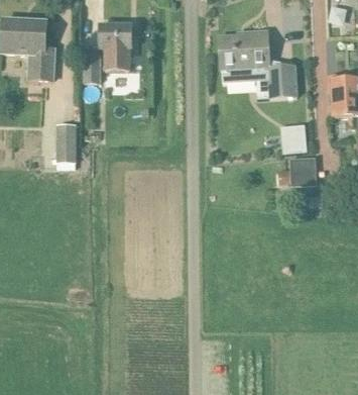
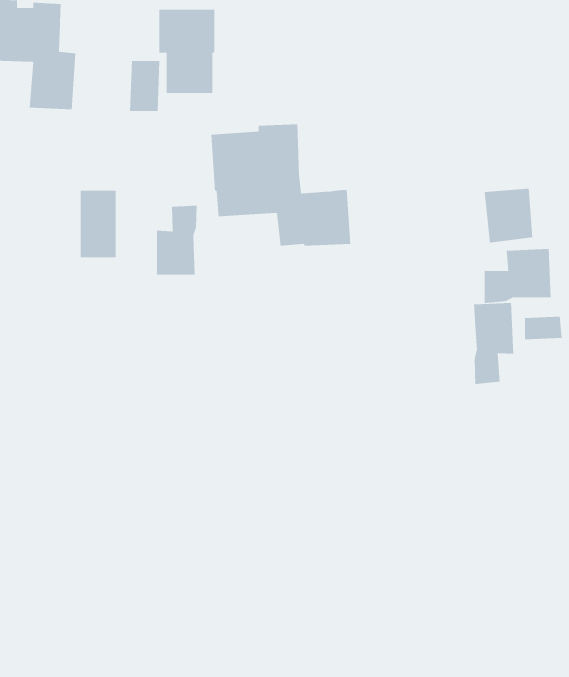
building: [219,29,296,97] -> [210,124,351,246]
building: none -> [156,205,197,275]
building: none -> [473,302,514,385]

